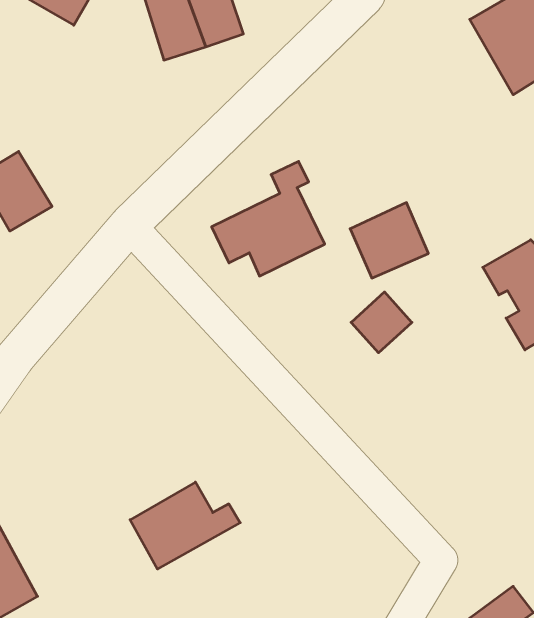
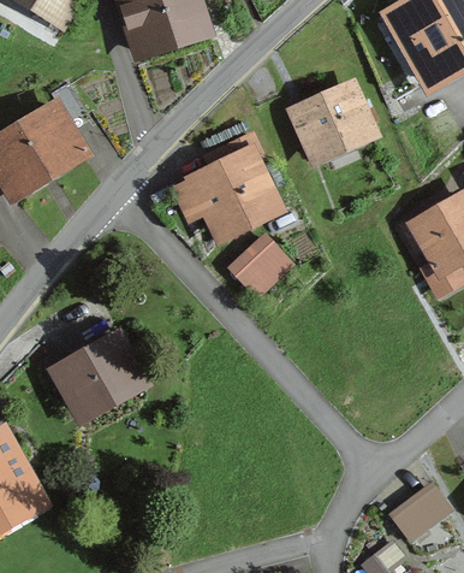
building: none -> [18,84,83,176]
building: [350,203,428,278] -> [304,90,369,153]
building: [351,292,412,353] -> [232,241,282,291]
building: [130,482,240,569] -> [58,341,149,413]

